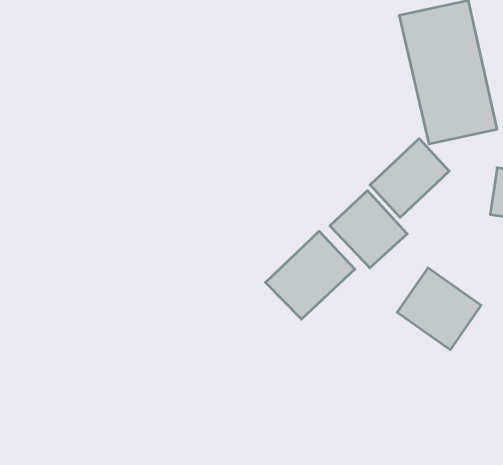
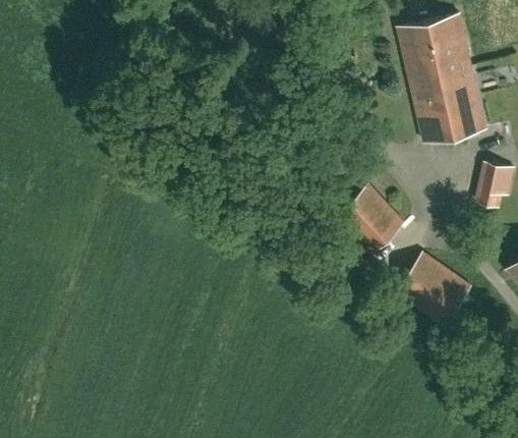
building: [370,139,449,217] -> none
building: [265,231,355,319] -> none

